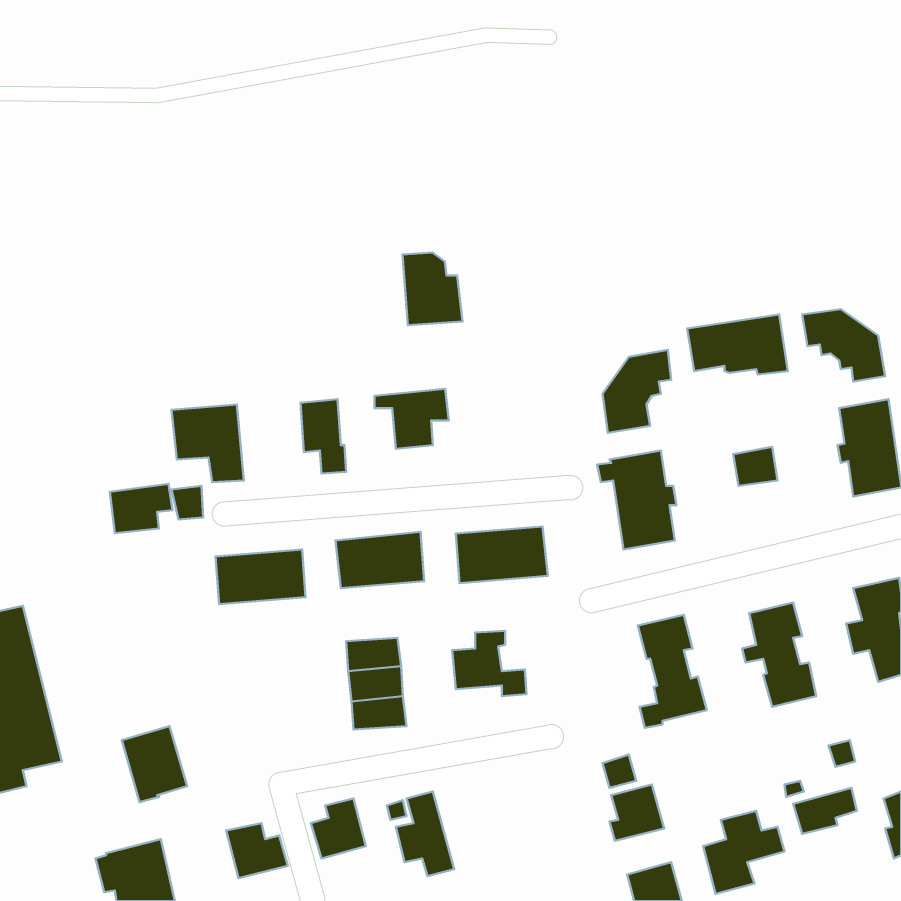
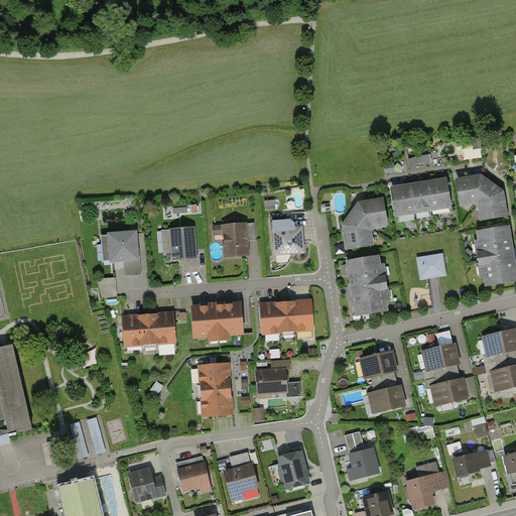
building: [402,253,462,325] -> [269,215,303,256]
building: [110,484,173,533] -> none
building: none -> [279,453,307,487]

